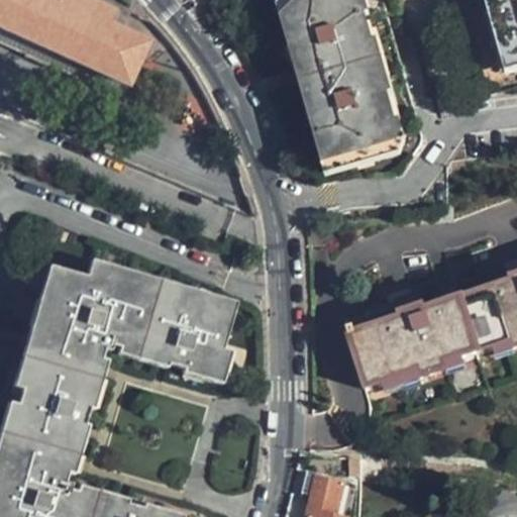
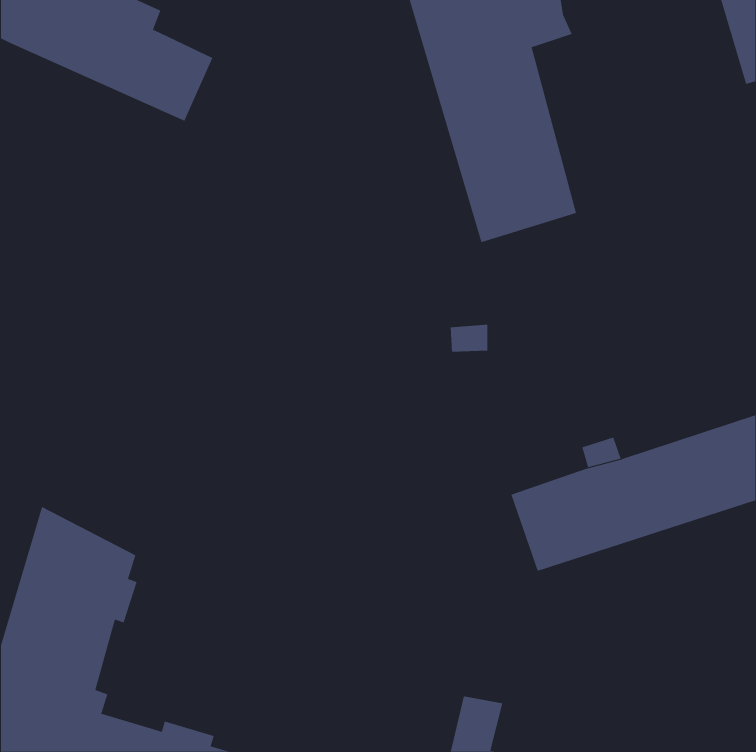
building: [28,264,233,379] -> none

